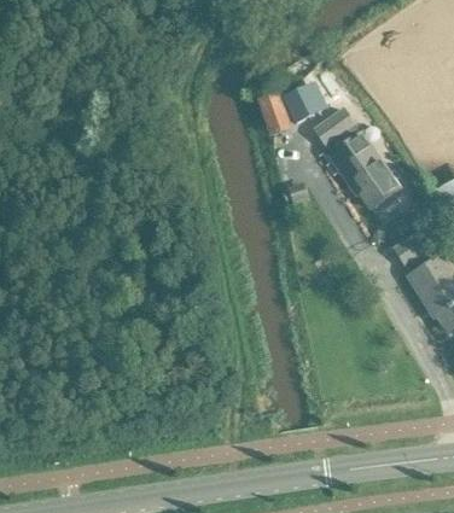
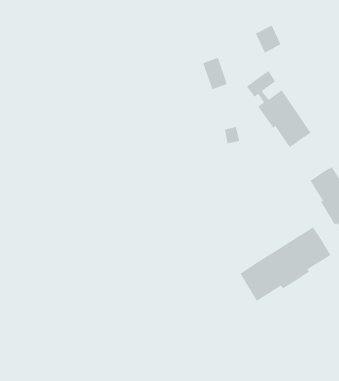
building: [285,87,319,124] -> [255,25,282,54]
building: none -> [239,226,331,302]

